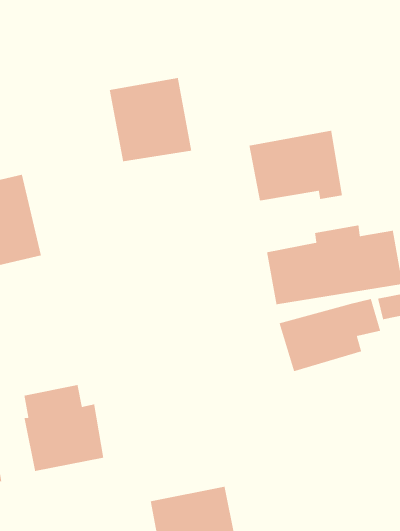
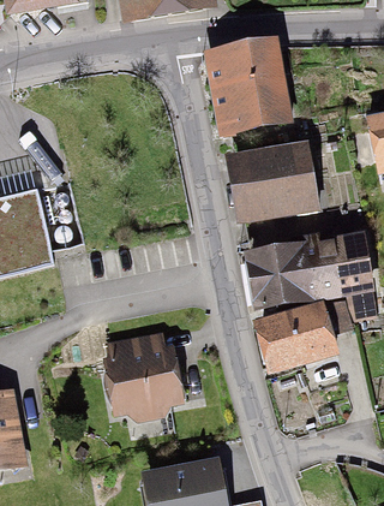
building: [109,77,192,162] -> [209,50,282,125]
building: [23,384,104,472] -> [107,333,178,410]

